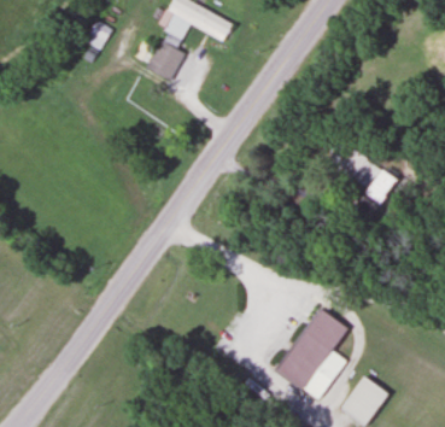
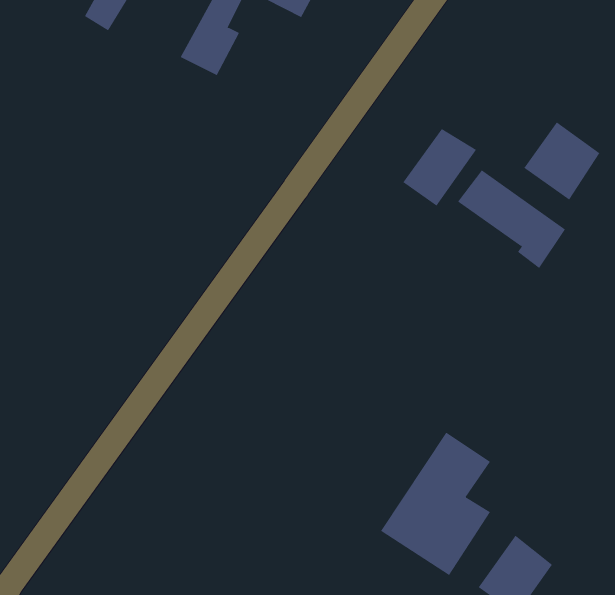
building: none -> [524,122,600,201]
building: none -> [403,128,477,207]

